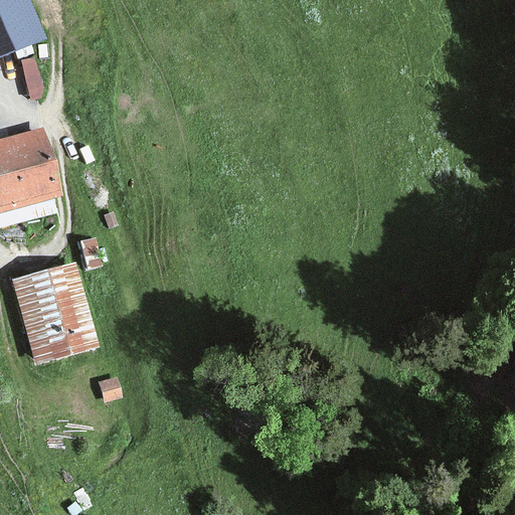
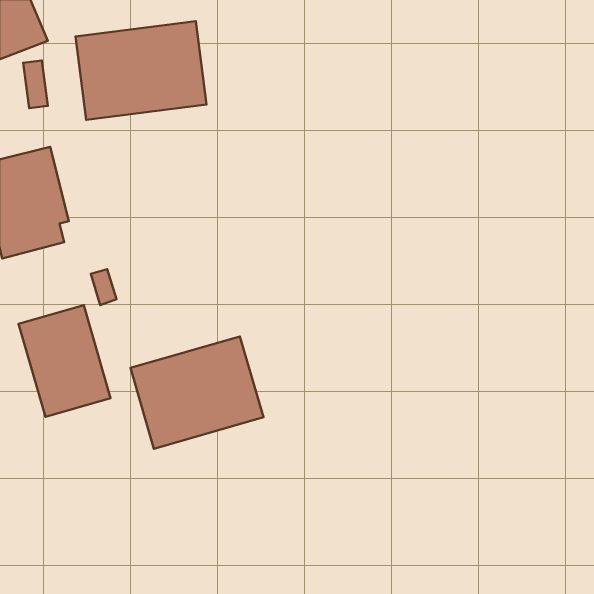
building: none -> [75,21,207,120]
building: none -> [130,336,263,449]

